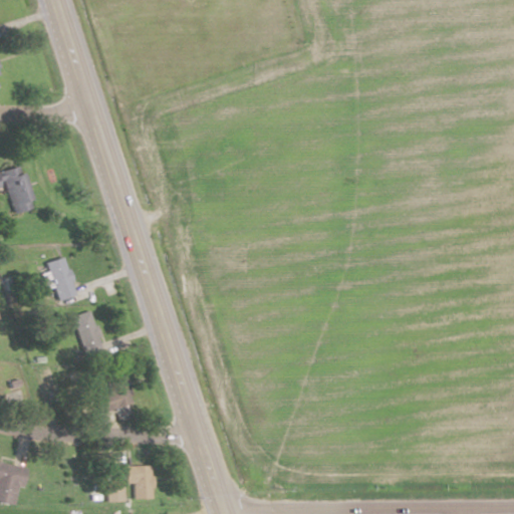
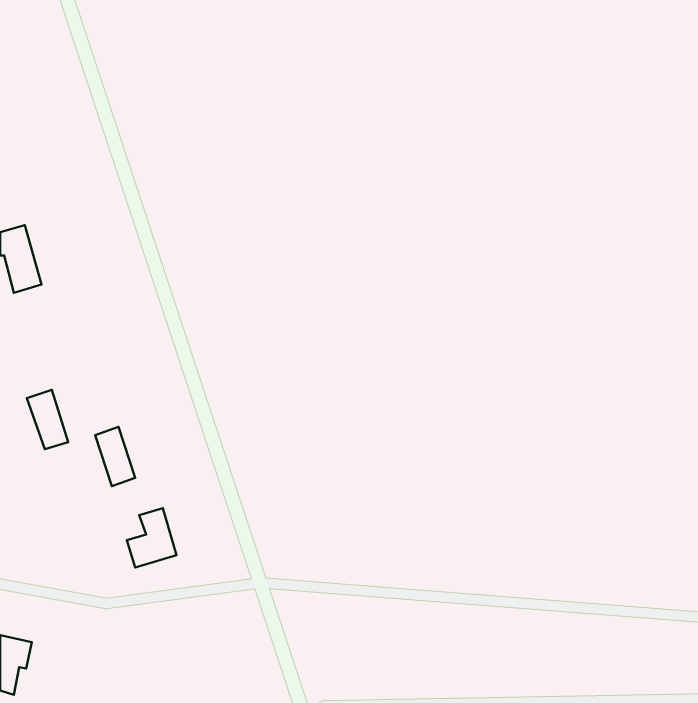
building: [47,258,77,301] -> [27,390,68,449]
building: [127,467,154,501] -> none

